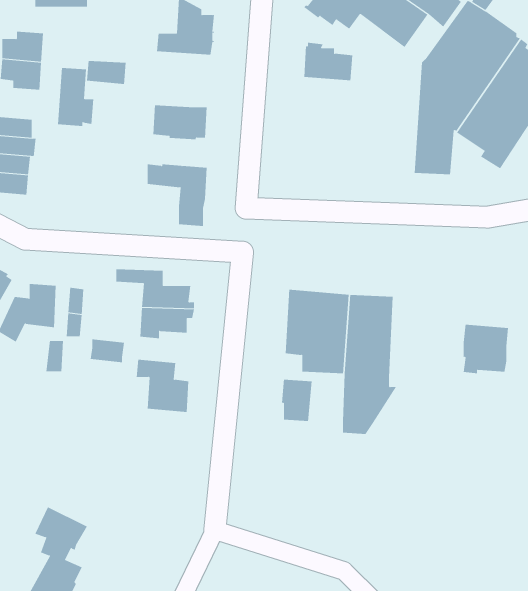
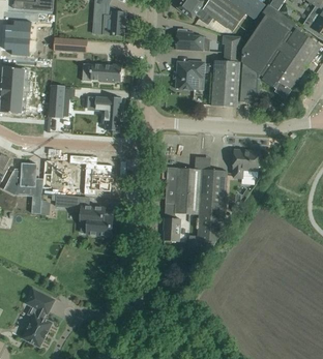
building: none -> [176,35,244,108]
building: [57,67,94,126] -> [49,85,69,118]
building: [463,324,509,374] -> [234,150,260,178]

